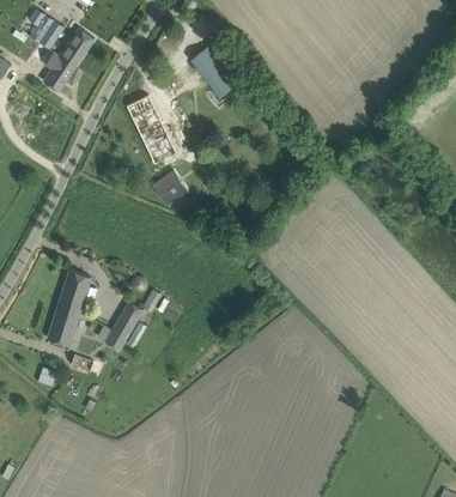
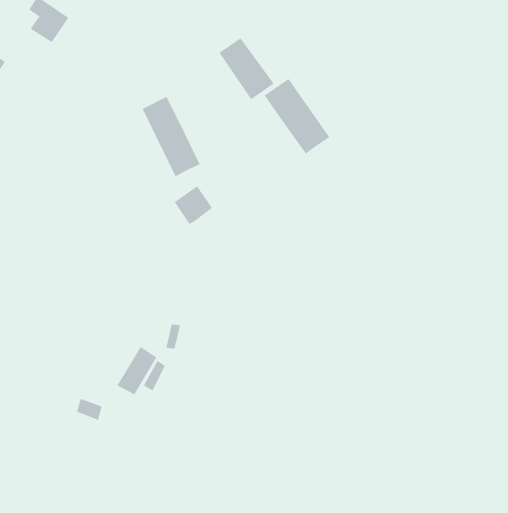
building: [36,26,95,92] -> none
building: none -> [264,78,330,154]
building: [47,269,91,346] -> none

